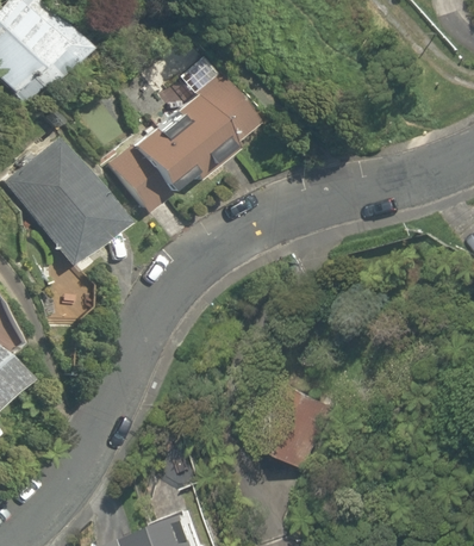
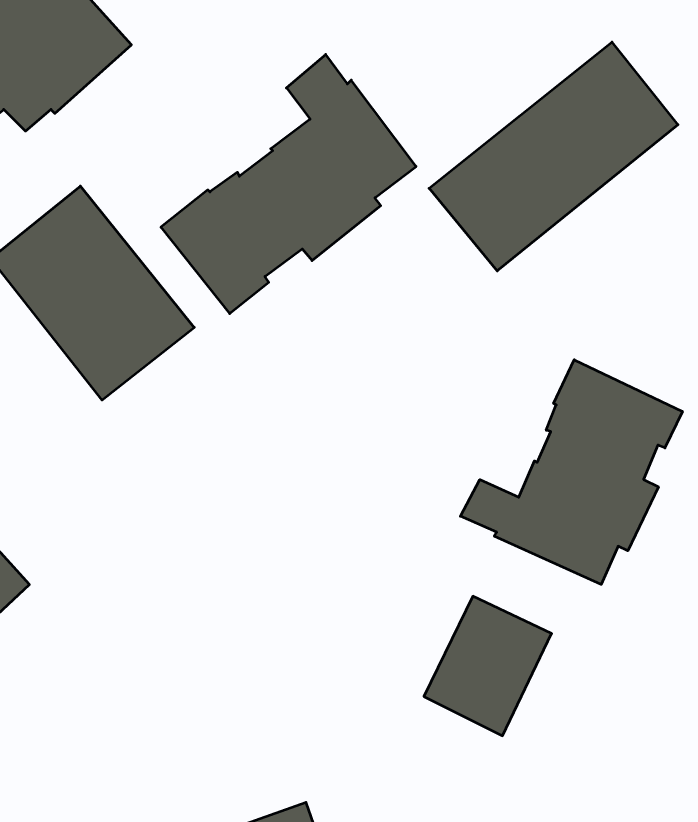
building: none -> [429,42,678,271]
building: none -> [460,360,682,584]

